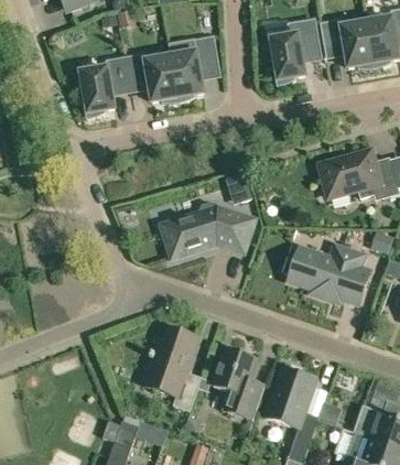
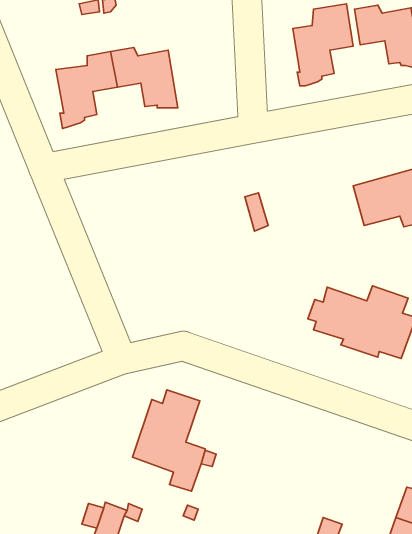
building: [170,35,219,101] -> none
building: [161,201,256,258] -> none
building: [213,347,264,419] -> none
building: [266,366,316,428] -> none

